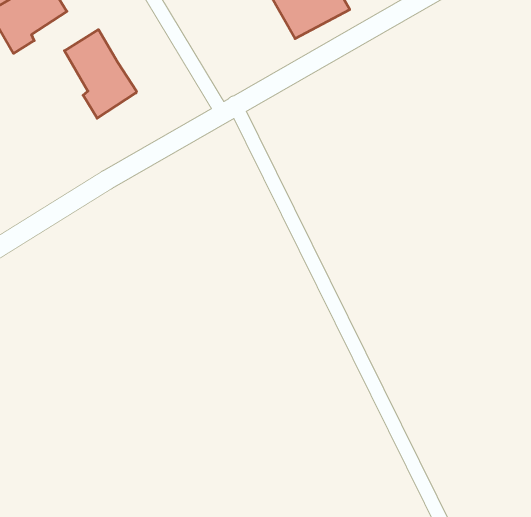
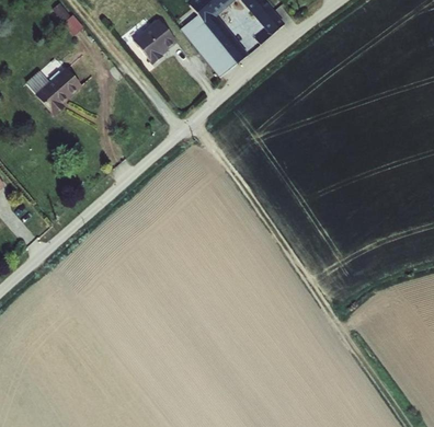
building: [64,30,136,118] -> none

